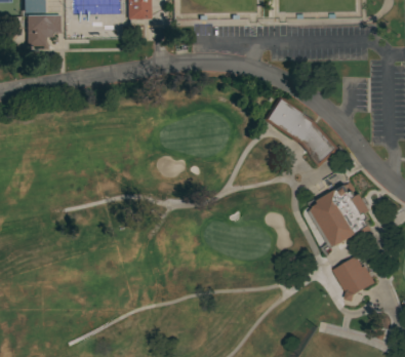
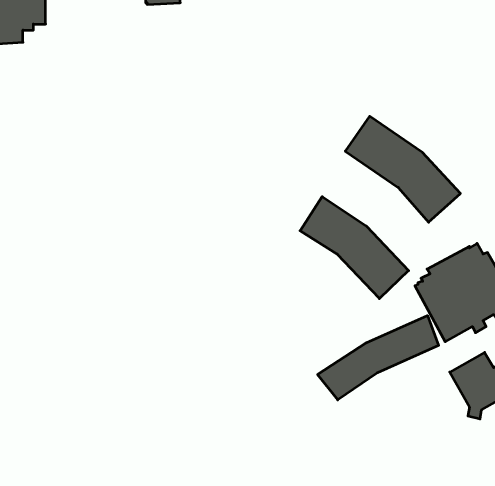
building: none -> [300,197,409,299]
building: none -> [318,316,439,400]

